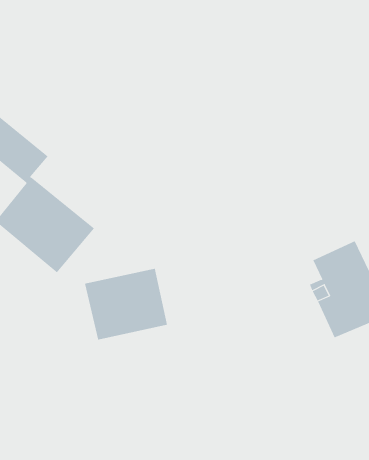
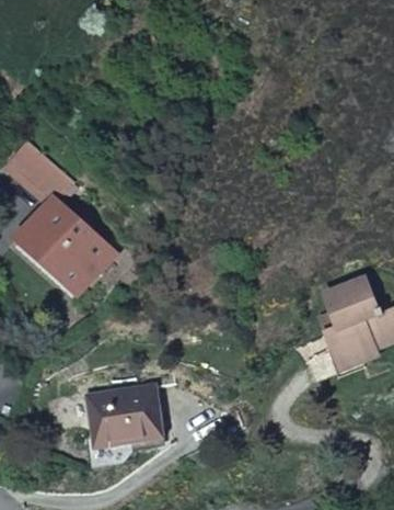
building: [84,268,168,340] -> [85,384,163,450]

